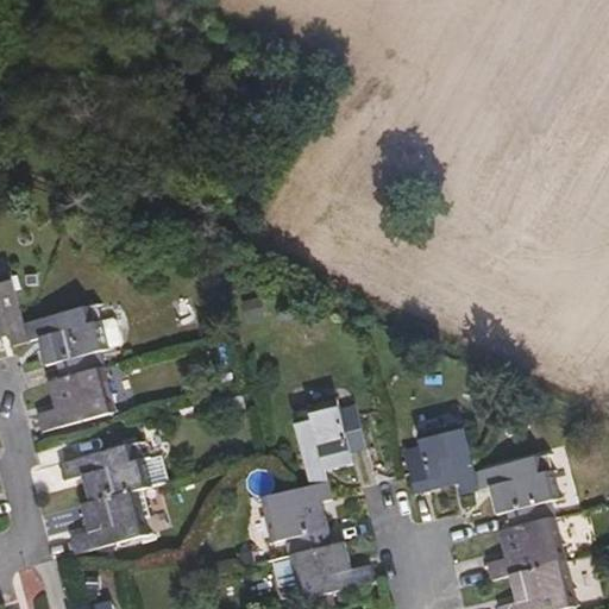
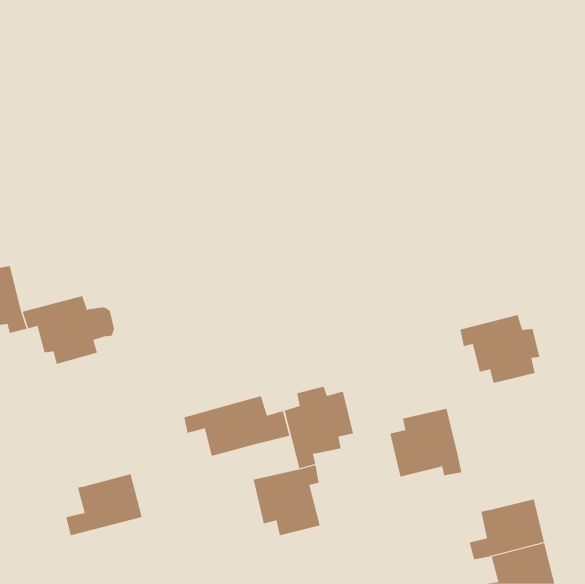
building: [36,365,113,432] -> none
building: [58,440,169,503] -> [183,395,290,456]
building: [475,456,558,527] -> [460,315,540,384]
building: [289,541,373,599] -> none

